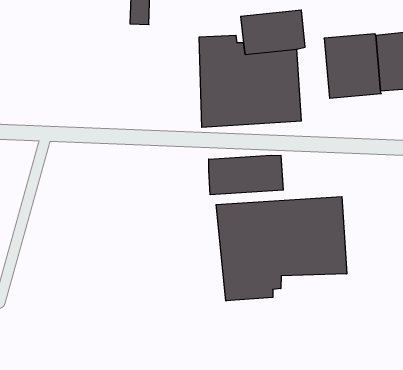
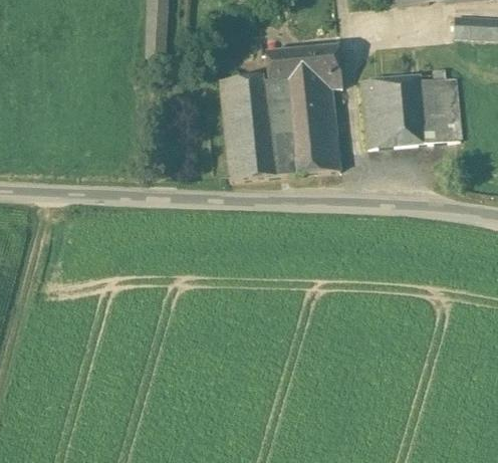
building: [209,155,283,195] -> none
building: [216,197,347,301] -> none

